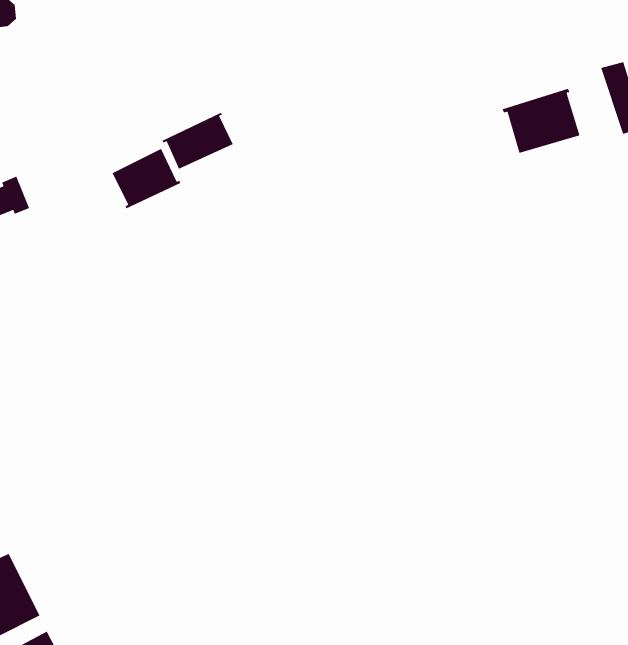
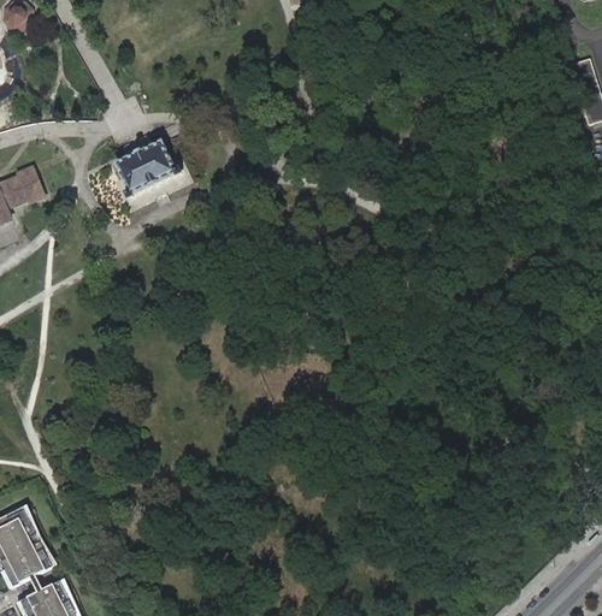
building: [501,88,581,154] -> none
building: [161,112,234,170] -> none

